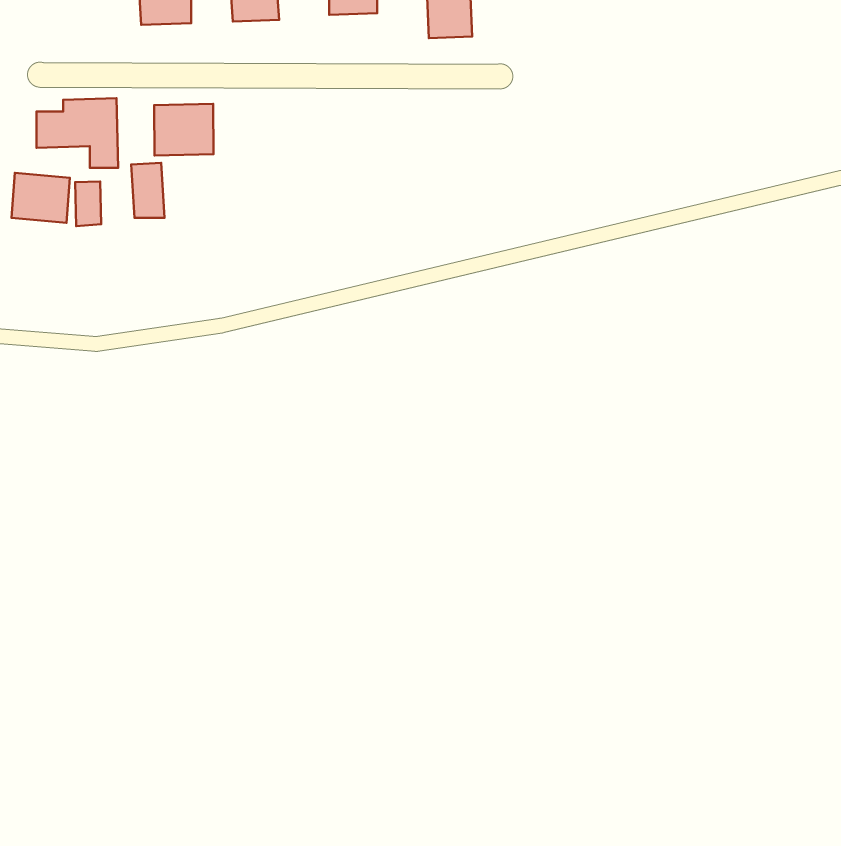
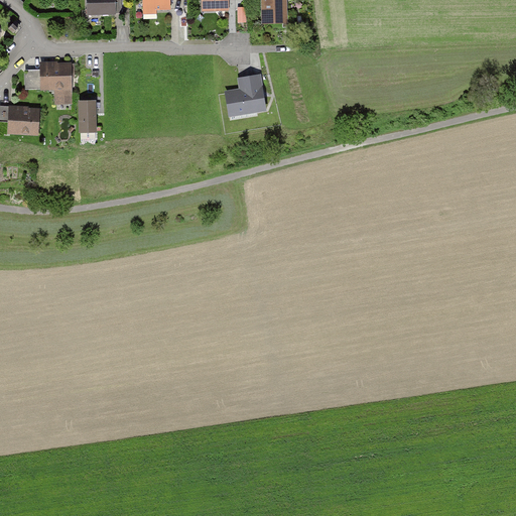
building: [154,104,213,156] -> none
building: none -> [220,76,262,119]
building: [75,181,101,226] -> none

